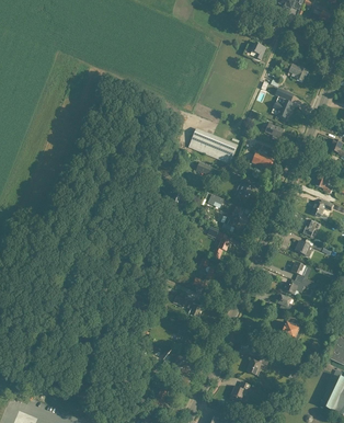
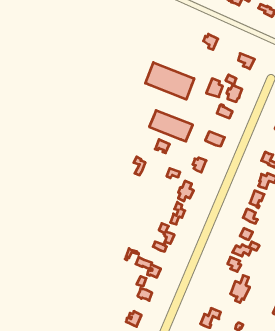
building: none -> [145,62,194,99]

